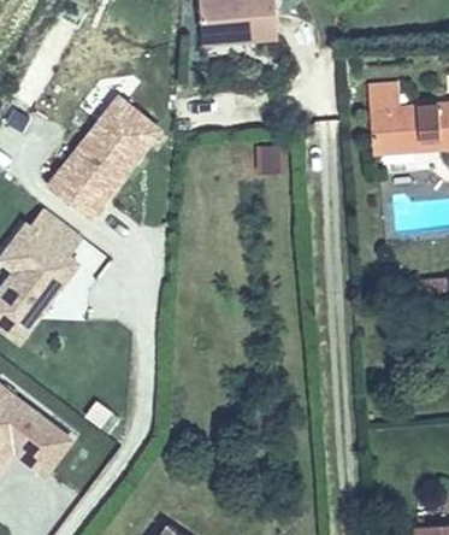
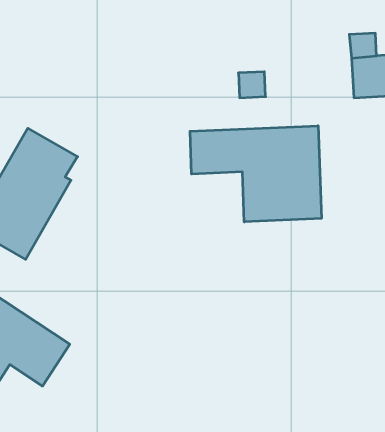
building: [47,78,169,210] -> none
building: none -> [190,126,321,222]

